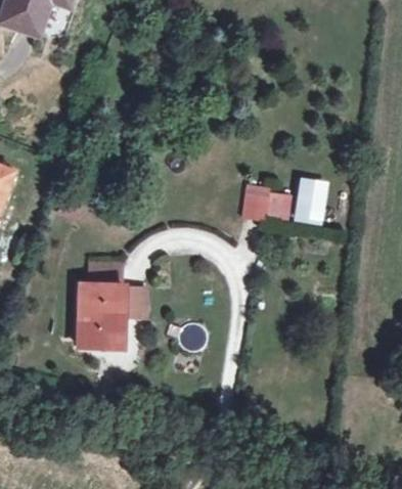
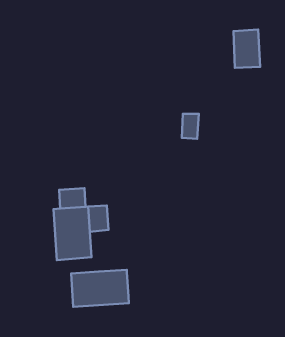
building: [292,179,324,225] -> [234,29,260,68]
building: none -> [71,270,129,307]

